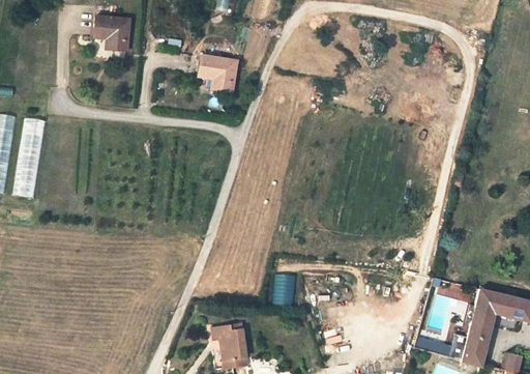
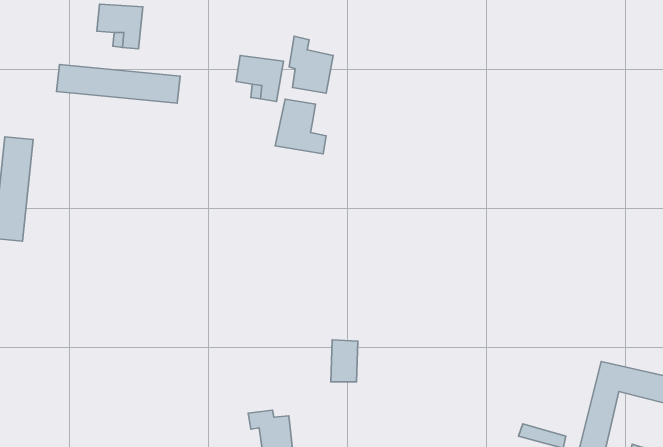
building: none -> [289,36,333,93]
building: none -> [57,65,180,103]
building: none -> [275,99,326,154]

